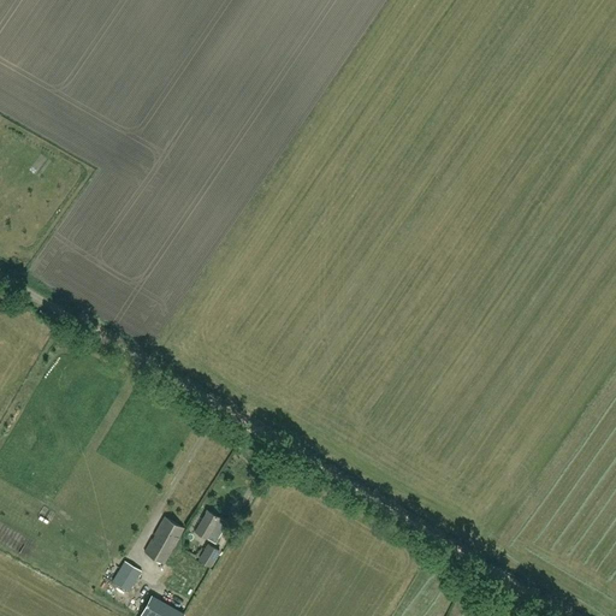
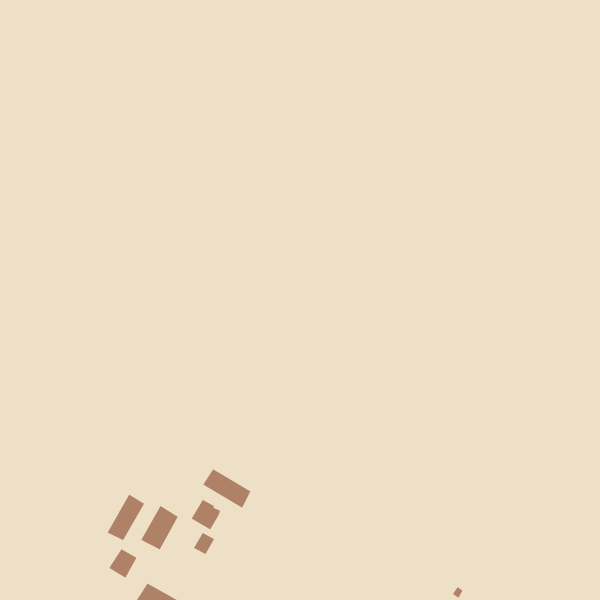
building: none -> [202,468,252,509]
building: none -> [106,493,145,541]

